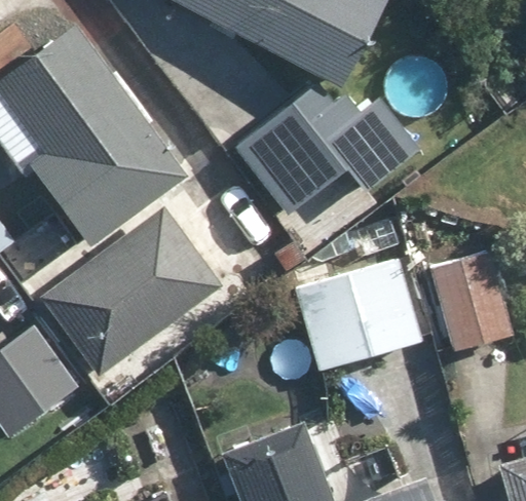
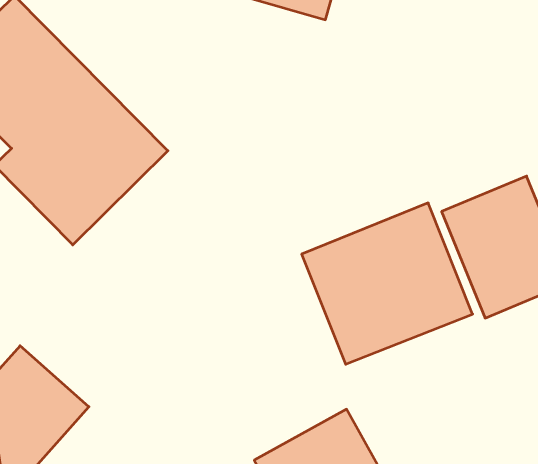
building: [234,83,361,210] -> none
building: [43,207,223,378] -> none

